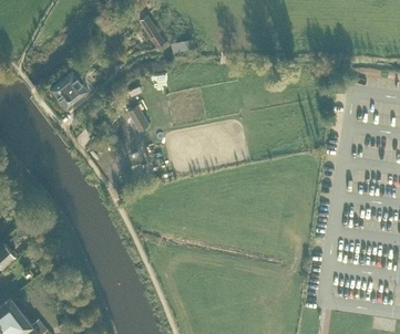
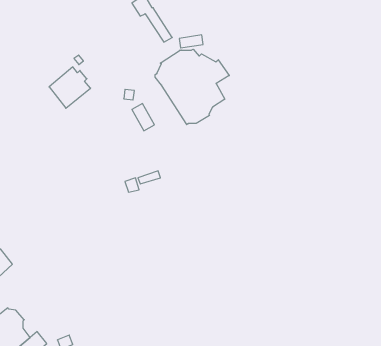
building: none -> [155,49,229,125]

